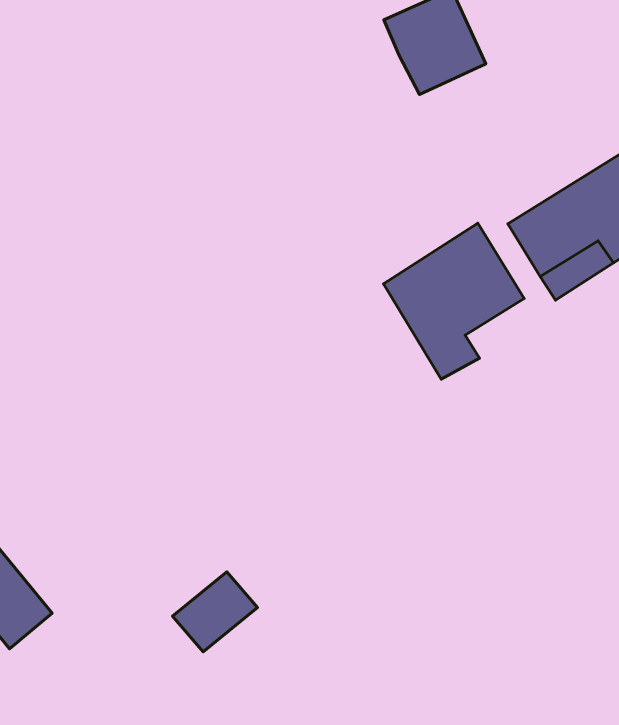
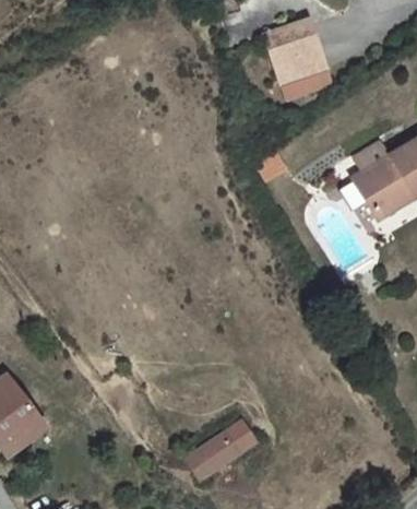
building: [383,223,524,379] -> none
building: [172,572,257,652] -> [186,430,240,482]

